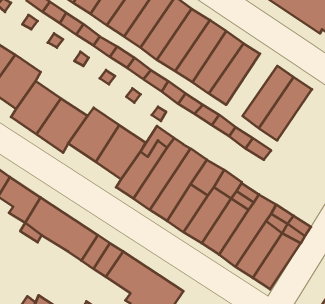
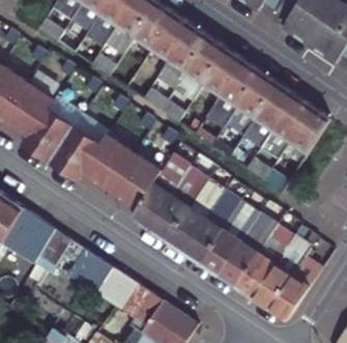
building: none -> [242,82,294,145]

